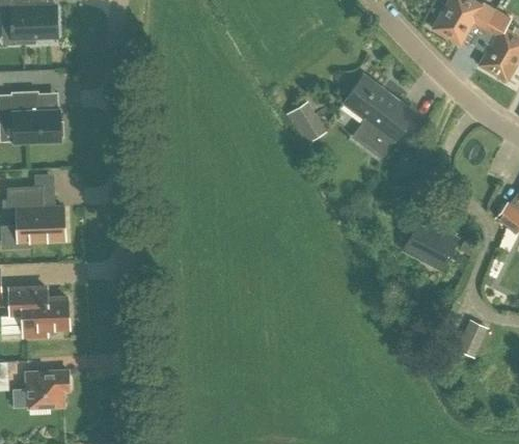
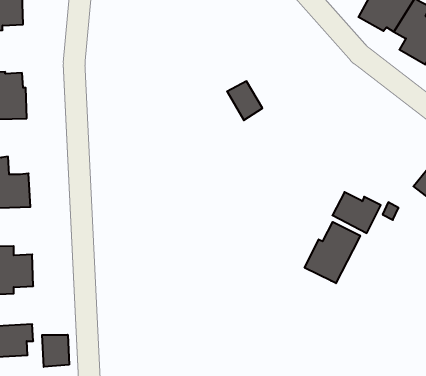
building: [343,76,414,160] -> none
building: none -> [305,222,360,283]
building: [456,318,489,358] -> none
building: none -> [42,335,69,367]

